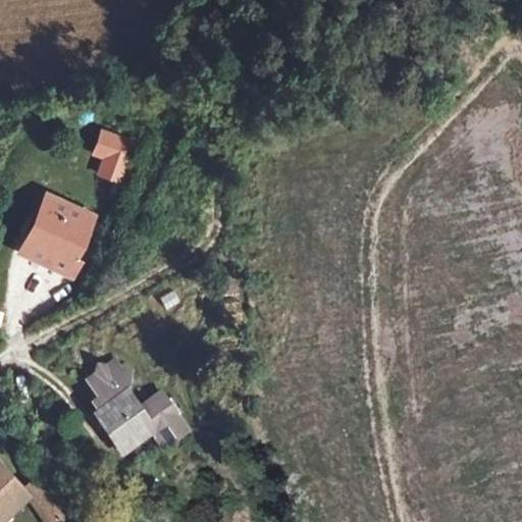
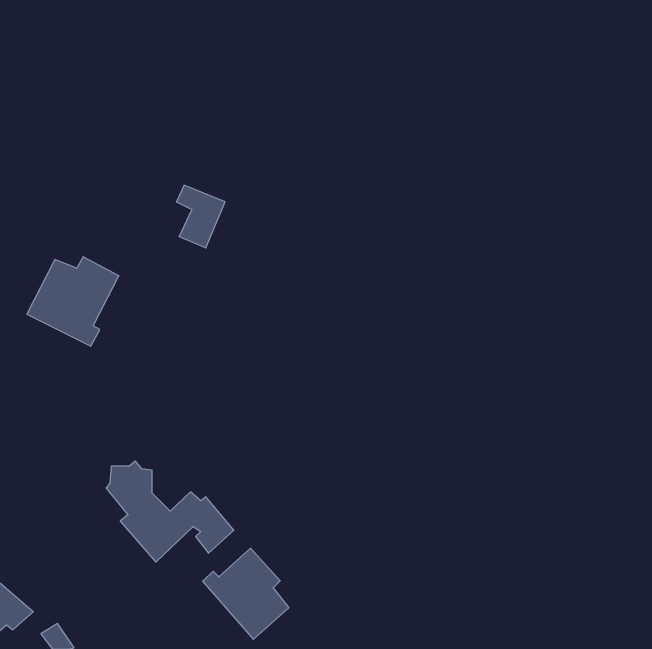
building: [97,134,136,184] -> [176,185,225,248]
building: none -> [203,548,289,639]

